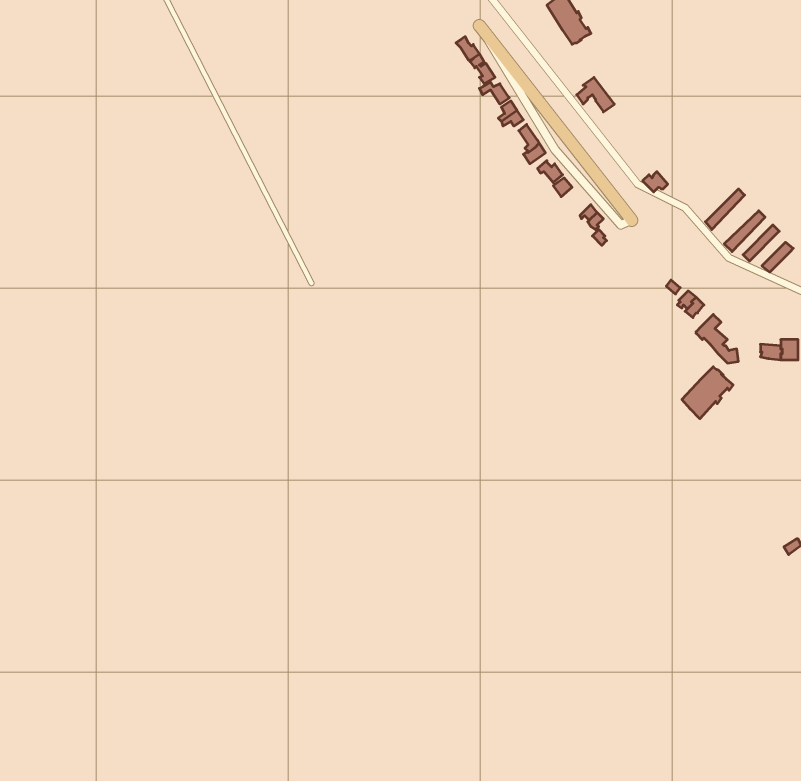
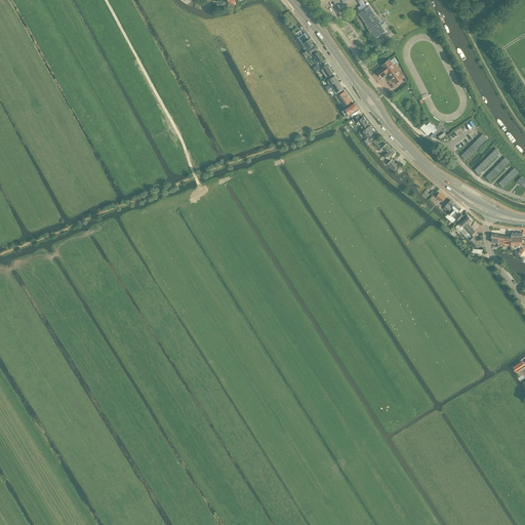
building: [682,367,733,419] -> none

